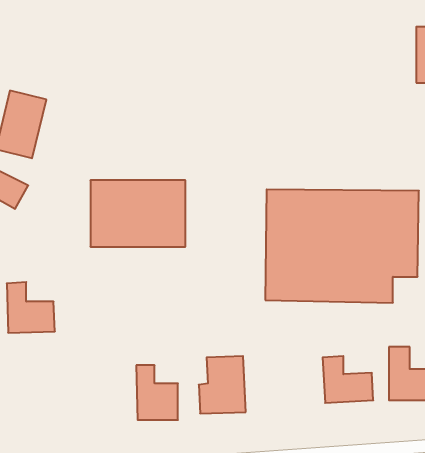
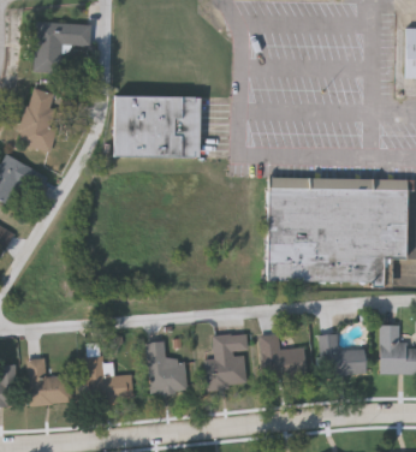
building: none -> [32,20,90,72]
building: [90,180,185,247] -> [112,96,200,157]
building: [7,282,55,333] -> [26,357,71,404]
building: none -> [260,334,307,381]
building: none -> [85,355,132,403]

